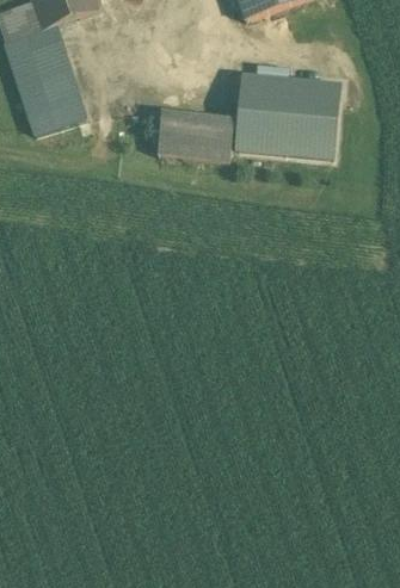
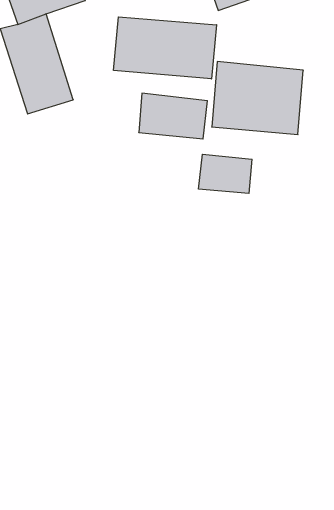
building: none -> [114,17,217,79]
building: none -> [199,154,252,193]

